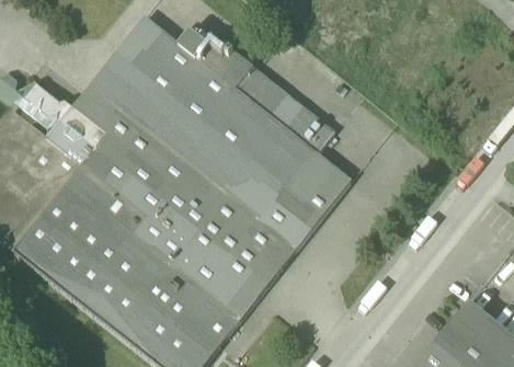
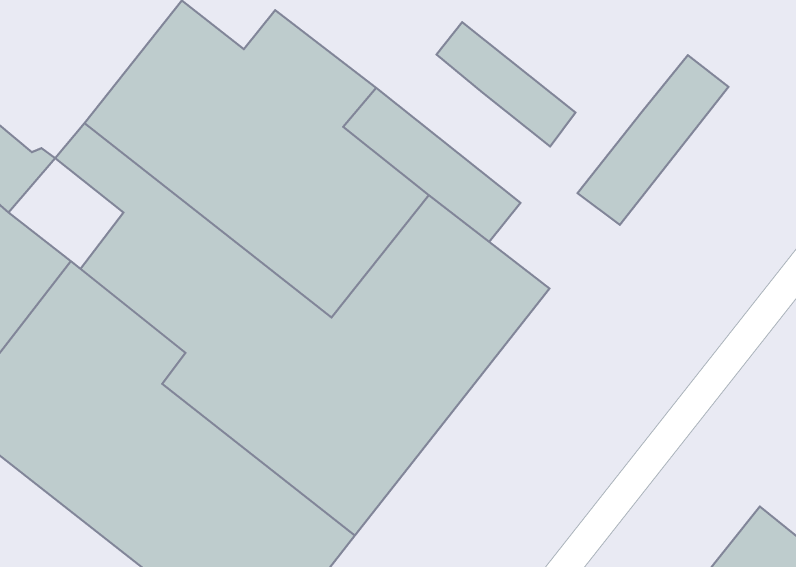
building: none -> [436,22,576,147]
building: none -> [578,55,728,225]
building: [46,105,111,168] -> none

